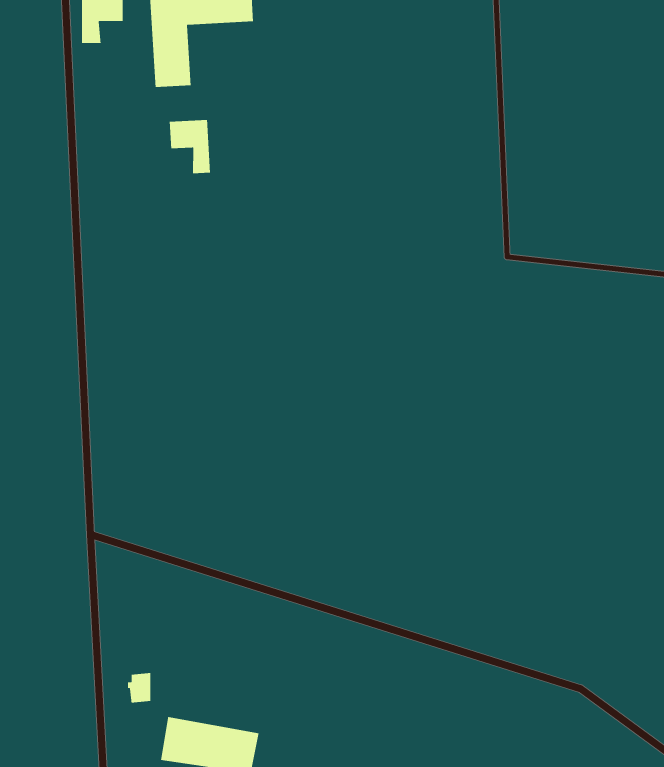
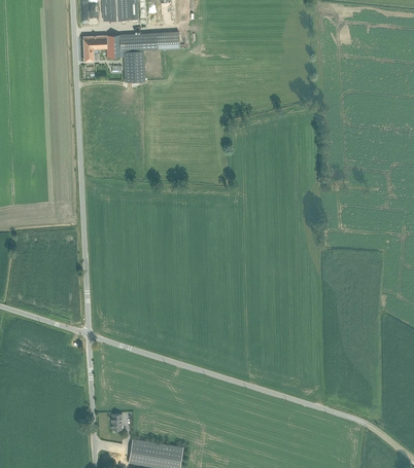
building: [169,119,211,174] -> none

